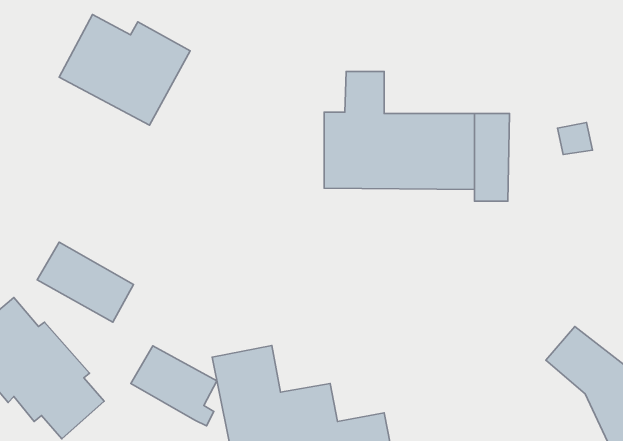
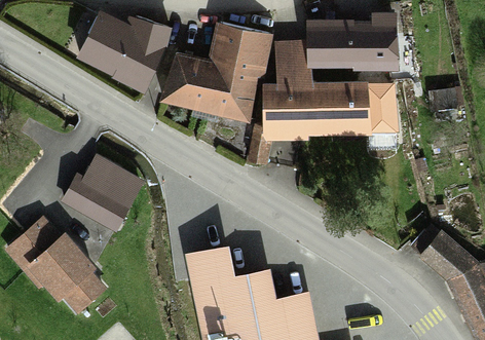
building: none -> [306,21,396,66]
building: none -> [163,27,270,119]
building: [131,346,217,426] -> [84,150,145,206]

